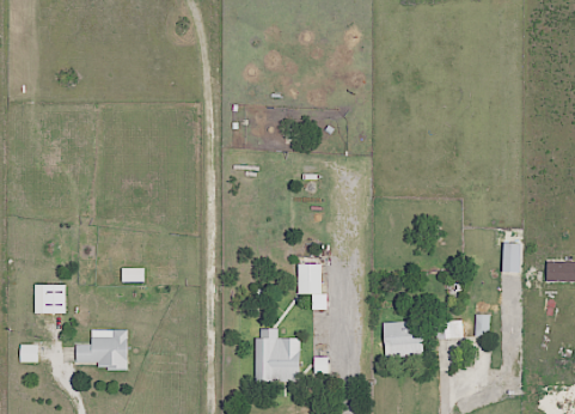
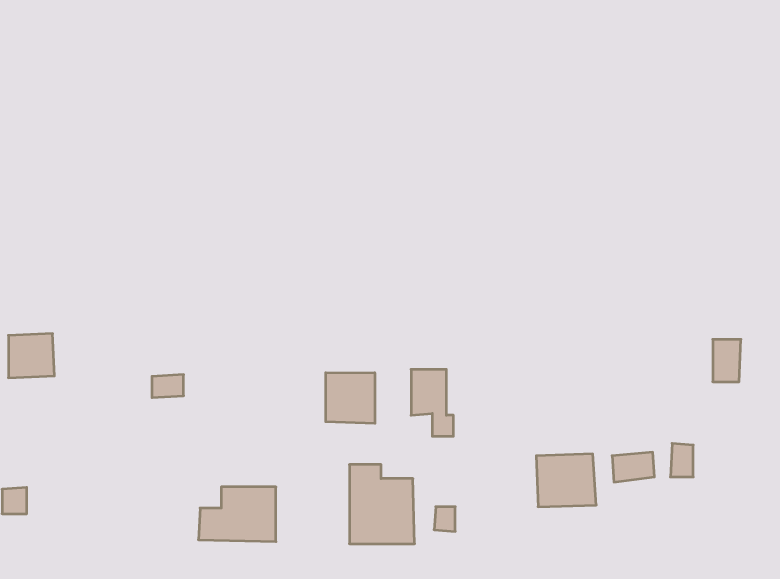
building: none -> [326,373,375,423]
building: [35,284,66,313] -> [8,334,54,378]
building: [75,329,128,366] -> [198,487,276,542]

